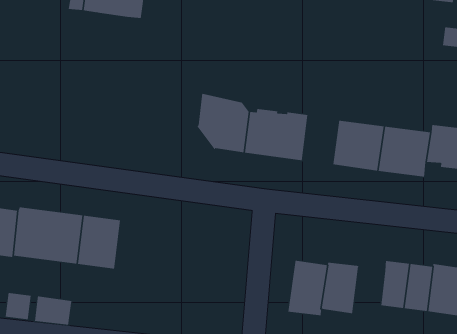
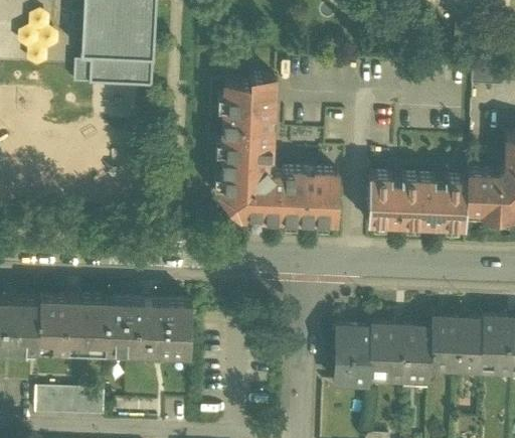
building: none -> [222,75,275,163]
building: none -> [147,299,192,353]
building: none -> [402,326,432,378]

